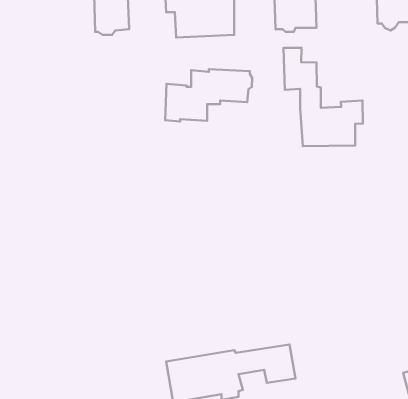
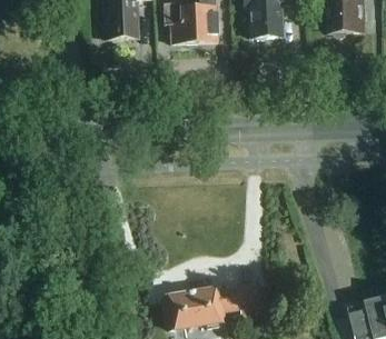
building: [284,48,363,146] -> none
building: [165,69,252,122] -> none

